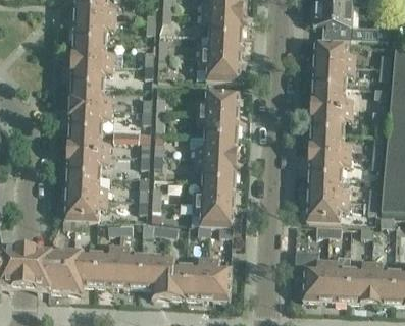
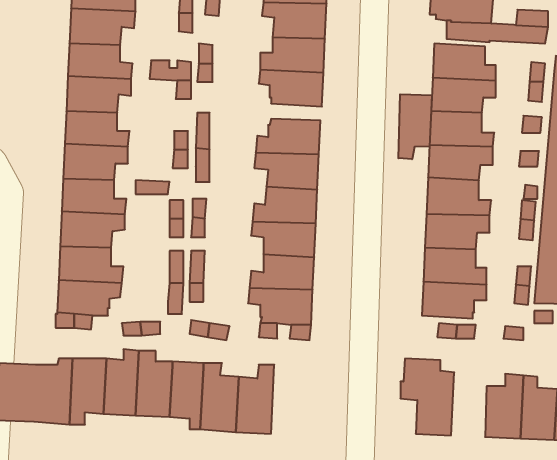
building: none -> [398,94,432,159]
building: [206,253,231,300] -> none
building: [325,258,349,301] -> none

